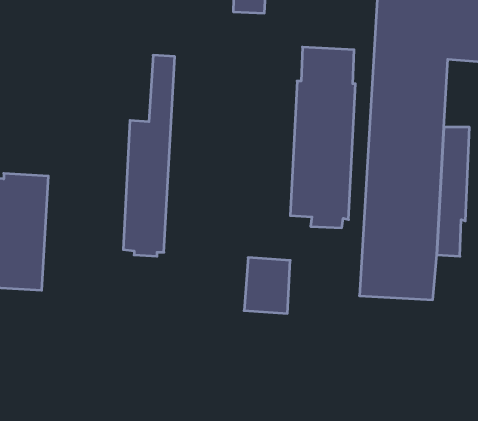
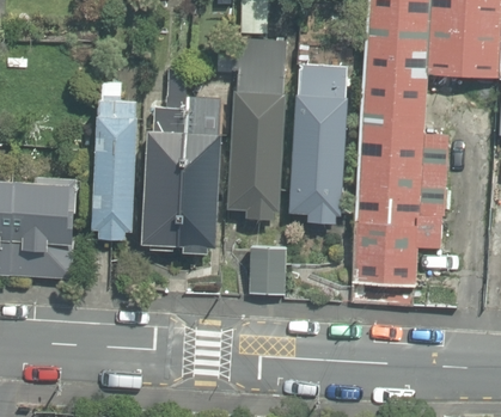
building: none -> [227,39,287,220]
building: none -> [178,73,222,252]
building: none -> [93,84,139,238]

